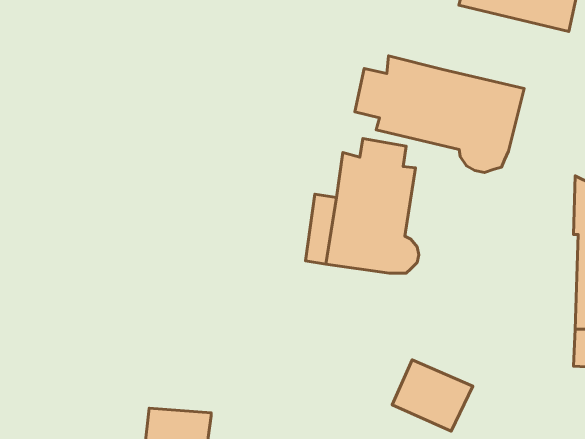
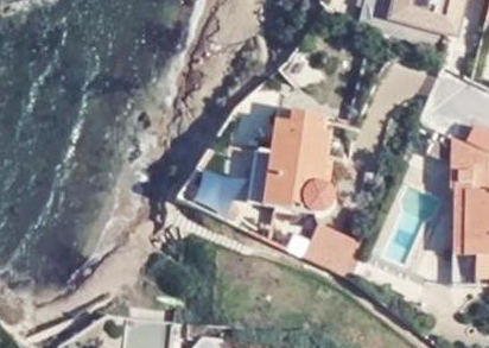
building: [355,56,524,172] -> none
building: [392,360,473,431] -> [305,222,367,277]

